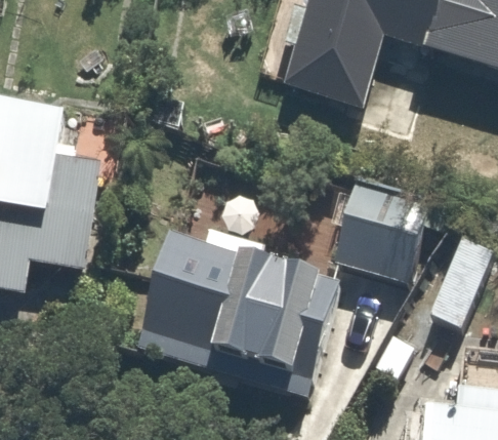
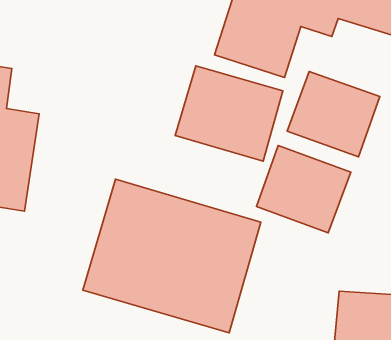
building: none -> [175,66,283,161]
building: none -> [287,71,380,157]

